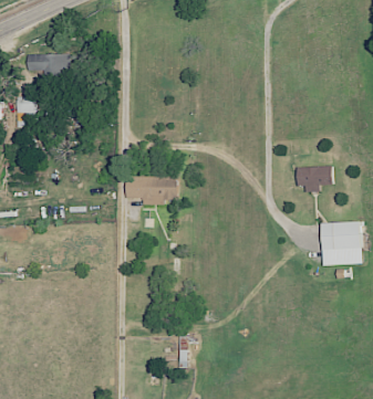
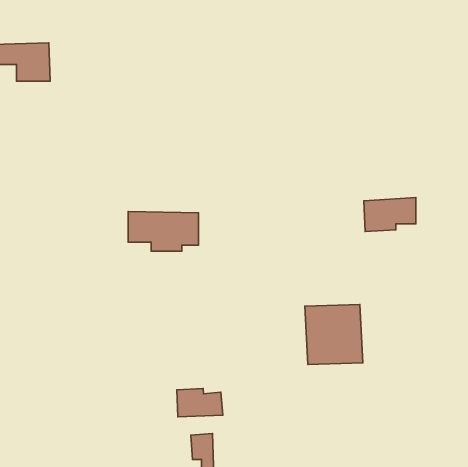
building: [319,222,361,265] -> [305,305,363,364]
building: none -> [177,389,223,417]

